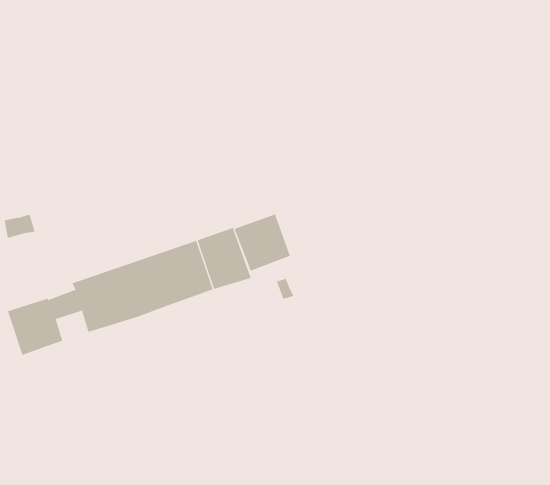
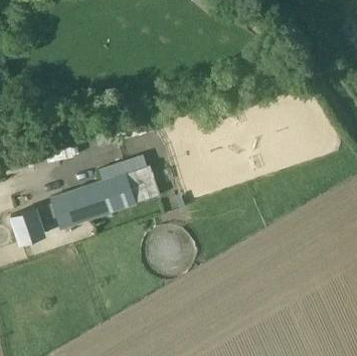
building: [234,214,290,272] -> none

